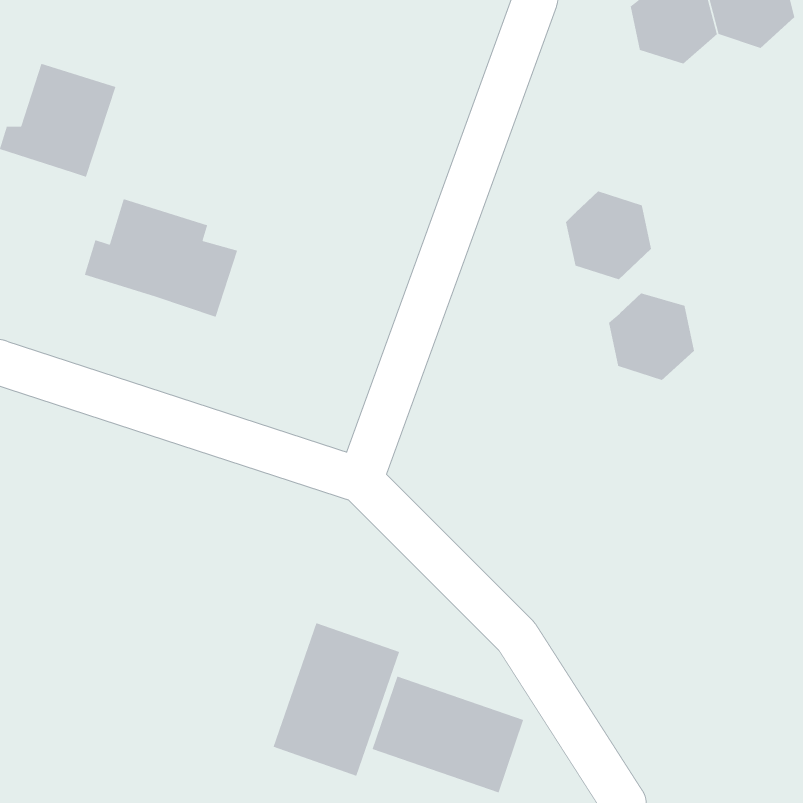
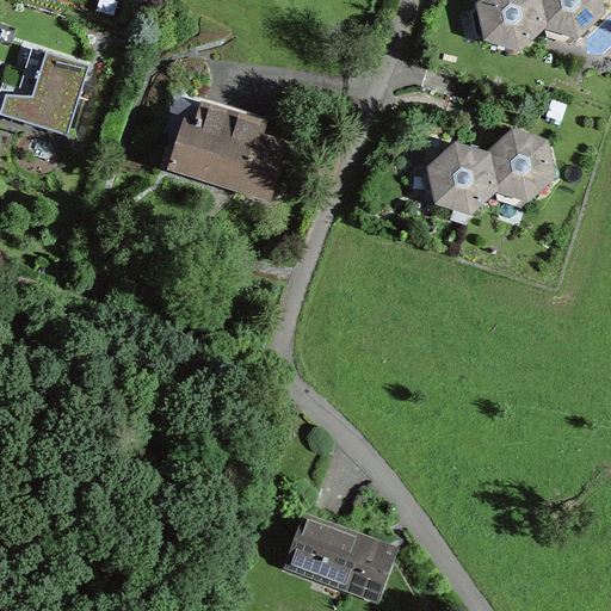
building: [84,198,238,318] -> [169,106,286,197]
building: [608,293,695,381] -> [487,132,553,199]
building: [273,622,400,777] -> none

